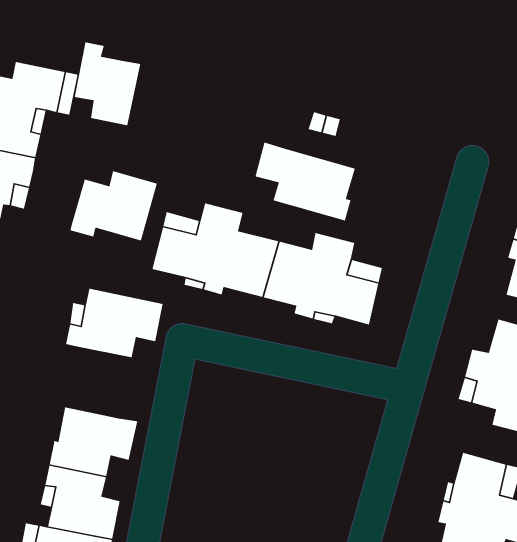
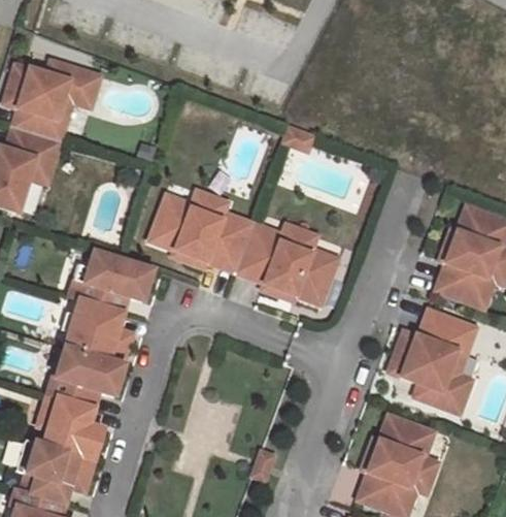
building: [74,42,141,126] -> none
building: [254,142,356,221] -> none
building: [69,170,158,241] -> none
building: none -> [67,298,140,359]

